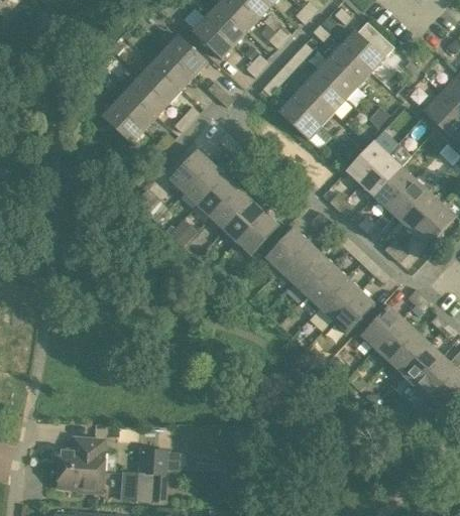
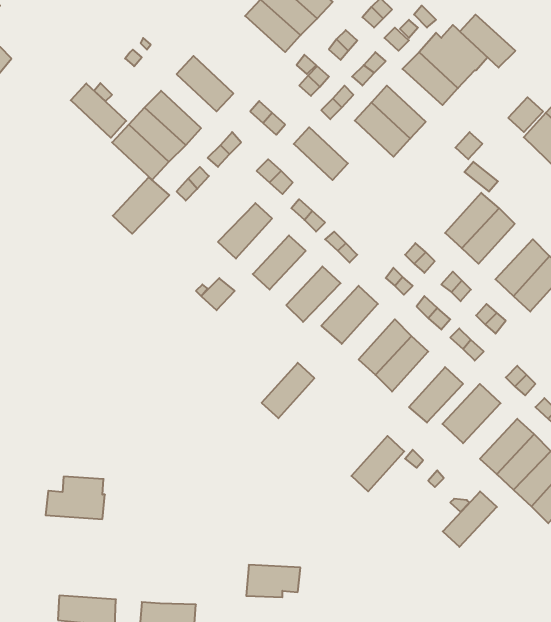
building: [191,16,235,59] -> none
building: [163,34,207,77] -> none
building: [315,57,358,99] -> [460,15,515,68]
building: [138,61,182,104] -> [71,83,126,138]
building: [277,98,320,139] -> [294,127,348,180]
building: [345,140,388,185] -> none
building: [167,148,212,192] -> [113,177,169,234]
building: [197,174,238,218] -> none
building: [386,178,429,222] -> none
building: [223,200,264,242] -> none
building: [279,241,321,284] -> [262,363,314,418]
building: [319,278,360,321] -> [351,436,404,491]
building: [374,318,417,362] -> [443,491,497,547]
building: [59,438,105,472] -> [46,477,105,519]
building: [137,450,180,476] -> [246,565,300,597]

